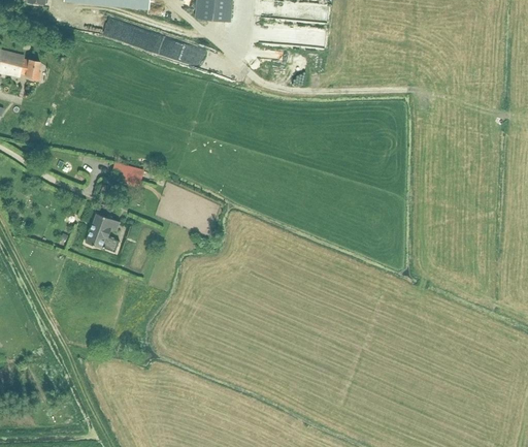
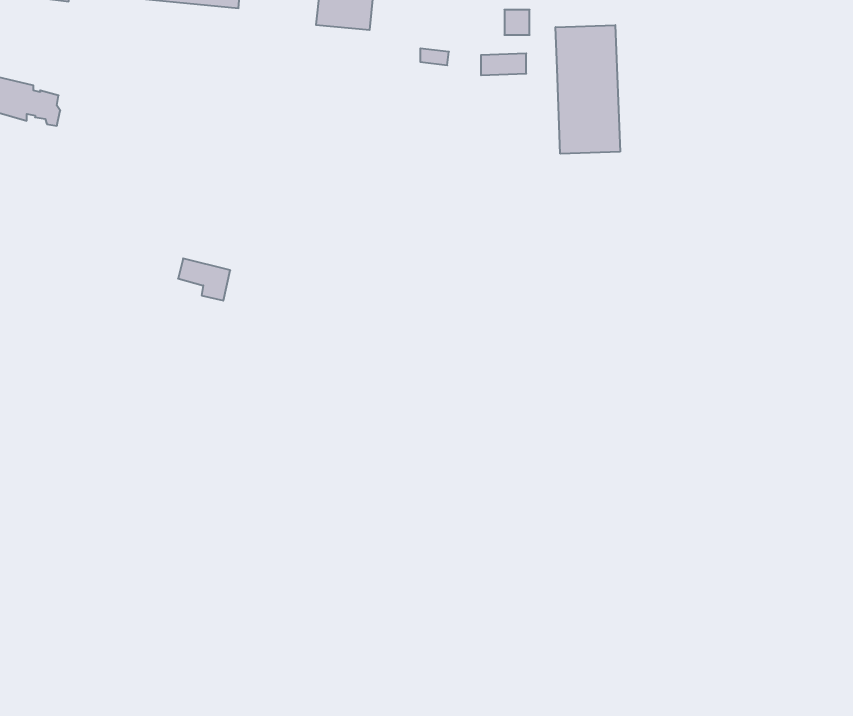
building: none -> [556,25,620,154]
building: [86,213,120,252] -> none

